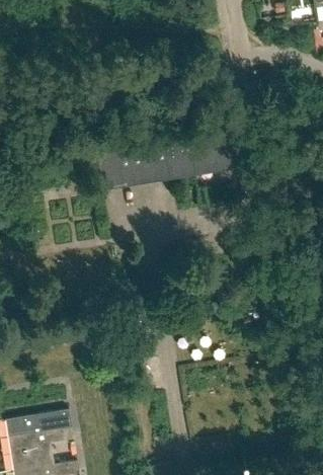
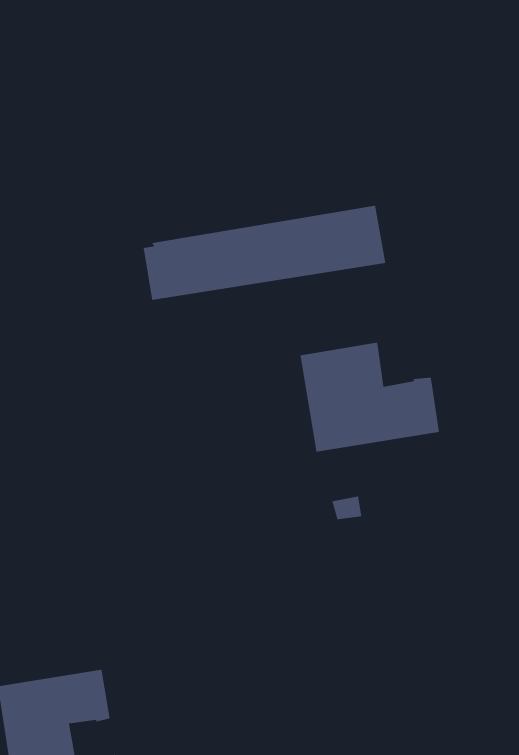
building: none -> [300,342,439,452]

